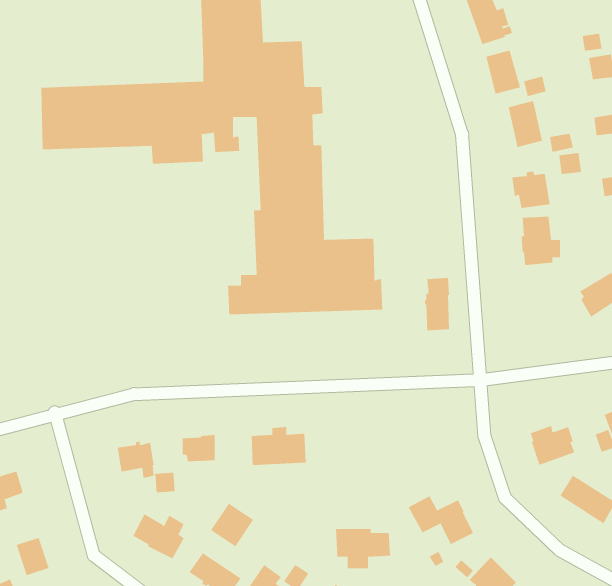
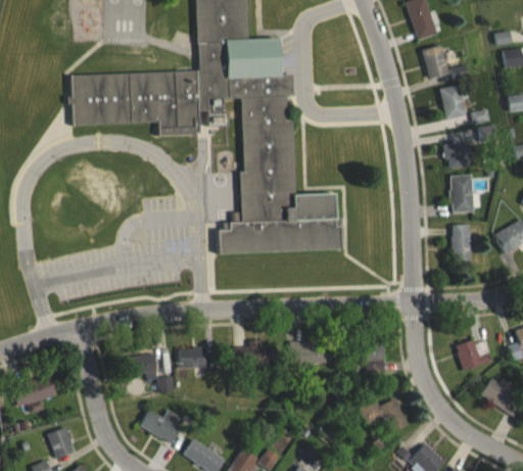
building: [424,277,450,331] -> [448,224,469,266]
building: none -> [360,342,387,373]
building: [210,503,254,547] -> none
building: [335,529,391,569] -> [291,341,335,373]

